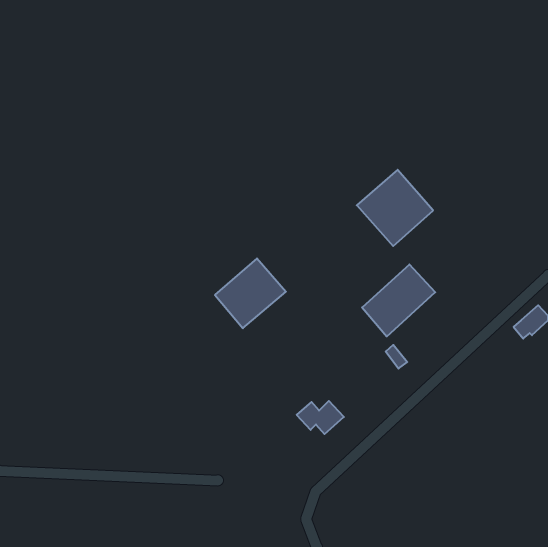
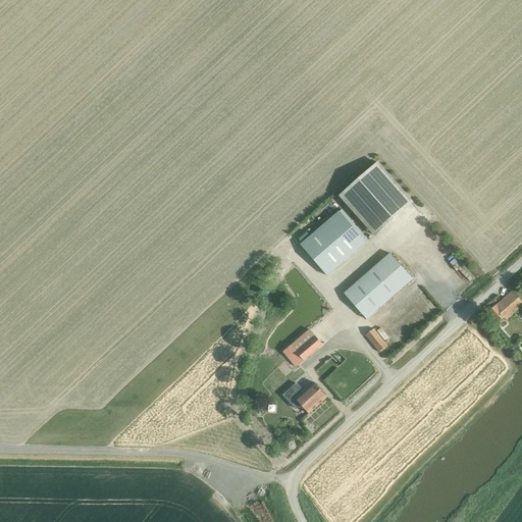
building: [215,258,286,328] -> [300,208,367,274]
building: none -> [281,328,321,366]

